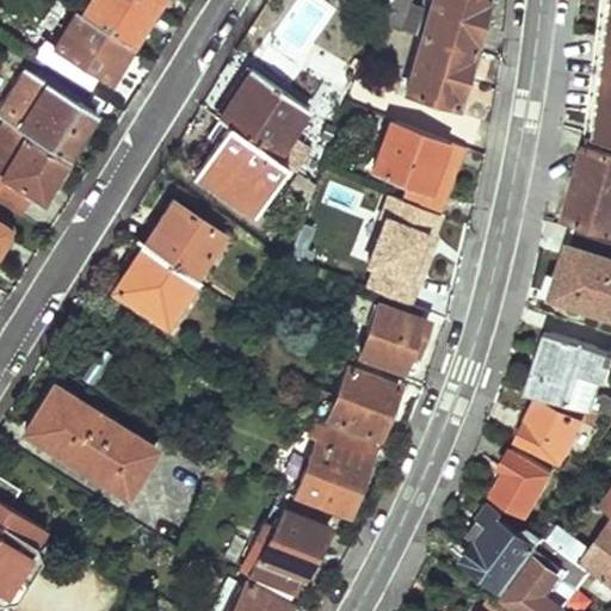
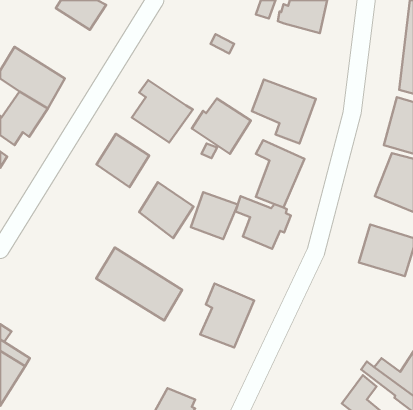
building: [32,14,134,94] -> none
building: [405,41,473,111] -> none
building: [220,80,307,161] -> [192,99,251,154]
building: [116,248,196,331] -> [139,182,194,238]
building: [329,372,399,442] -> [191,192,238,239]
building: [25,389,152,496] -> [96,248,182,321]
building: [520,400,591,468] -> none
building: [494,449,551,511] -> none
building: [248,505,321,594] -> none
building: [464,507,542,592] -> none

